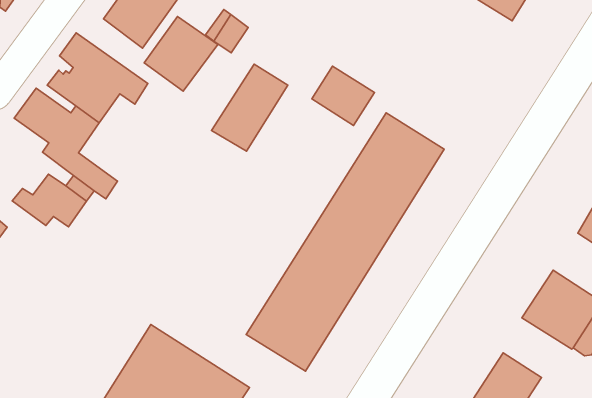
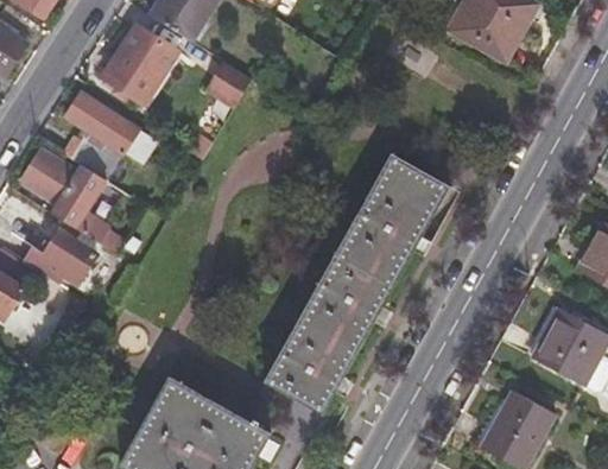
building: [144,17,218,91] -> none
building: [212,64,288,151] -> none
building: [312,66,374,125] -> none

